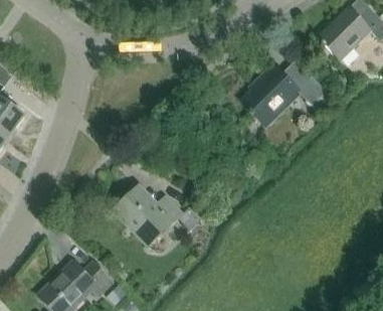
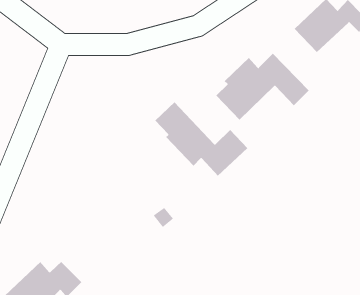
building: none -> [155,102,248,176]
building: [114,185,182,246] -> none

